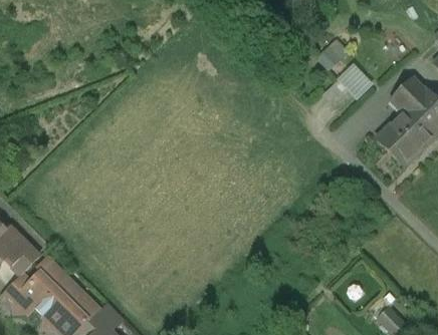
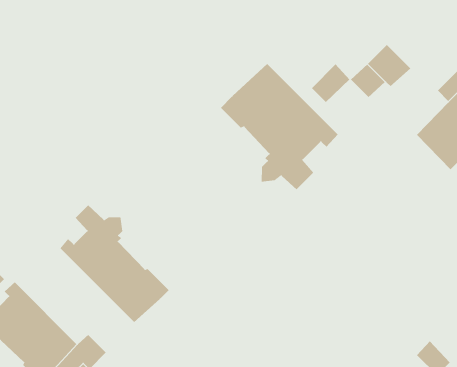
building: [316,38,349,70] -> [311,64,350,103]
building: none -> [220,63,338,190]
building: none -> [59,205,169,323]

